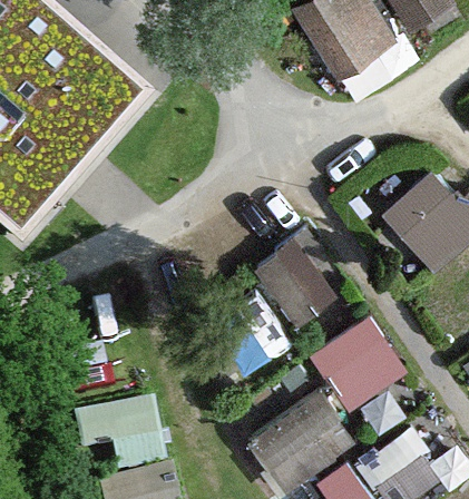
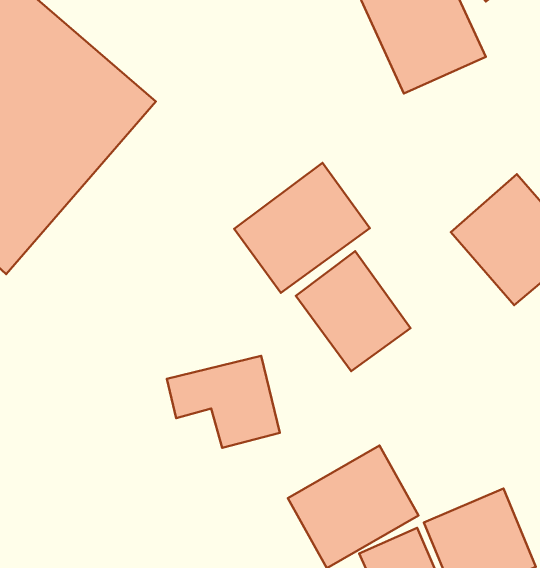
building: none -> [234,163,370,293]
building: [309,312,409,410] -> none
building: [75,400,168,476] -> [167,356,280,448]

